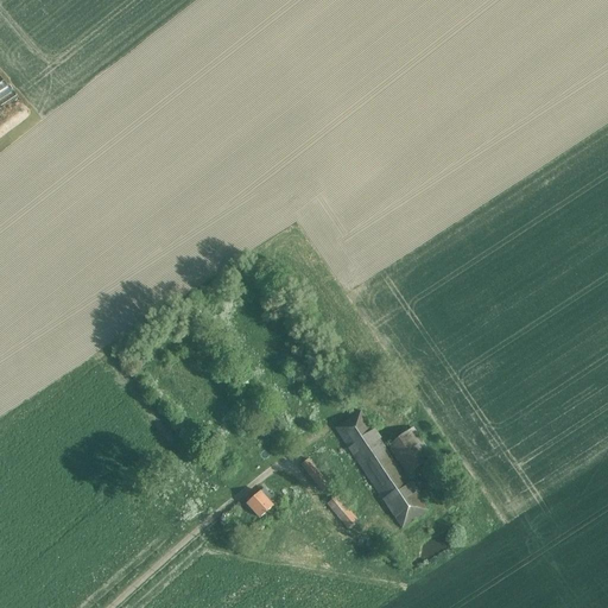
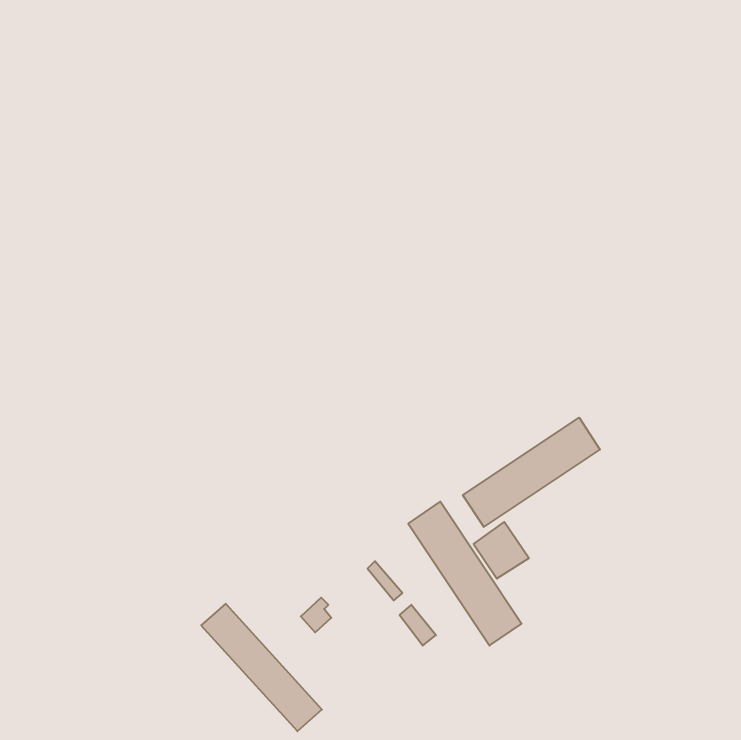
building: none -> [463,418,600,527]
building: none -> [201,604,322,731]

